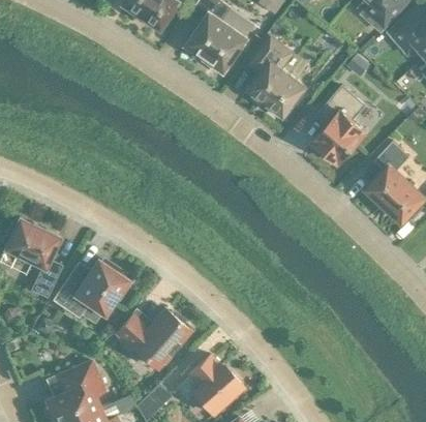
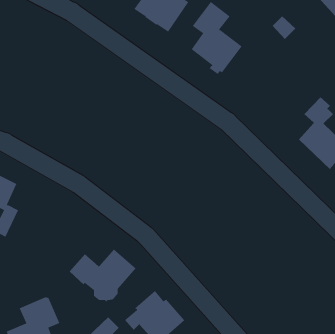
building: [314,86,366,163] -> none
building: [54,261,129,318] -> none

